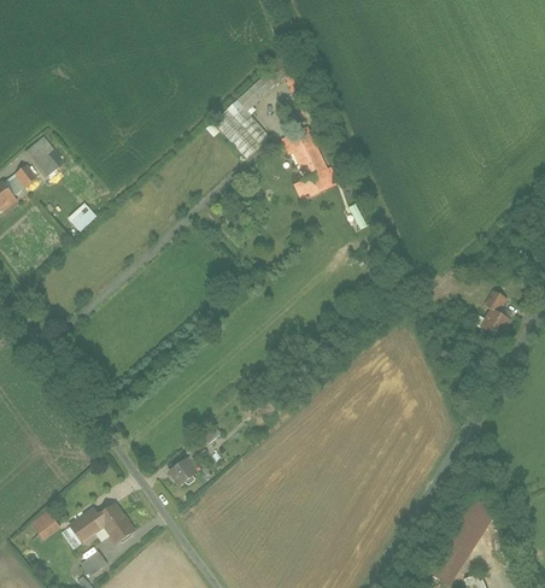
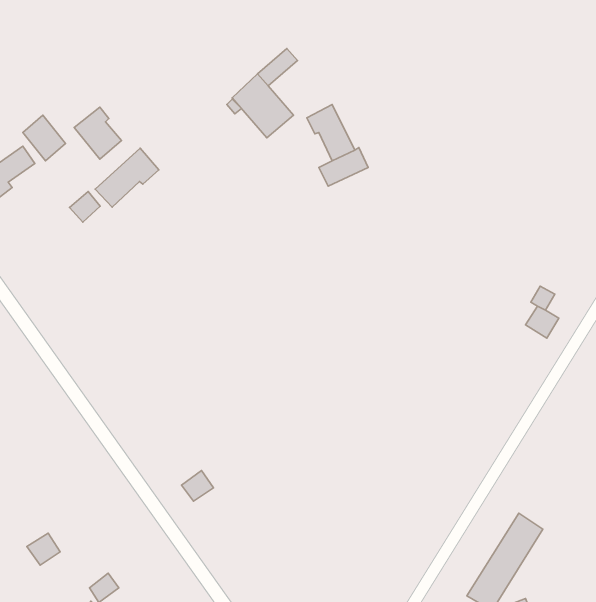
building: none -> [74,107,122,159]
building: none -> [95,148,159,207]
building: [66,501,135,547] -> none

